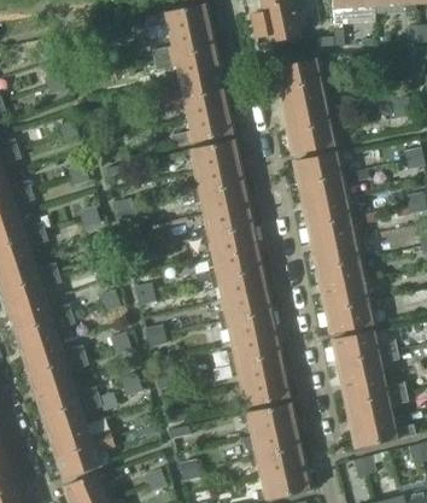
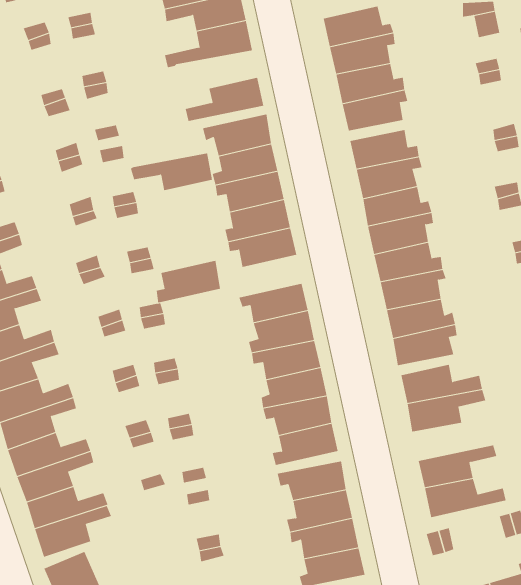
building: [163,92,226,121] -> [130,153,213,191]
building: [210,247,259,280] -> [156,260,221,303]
building: [343,375,405,404] -> none

